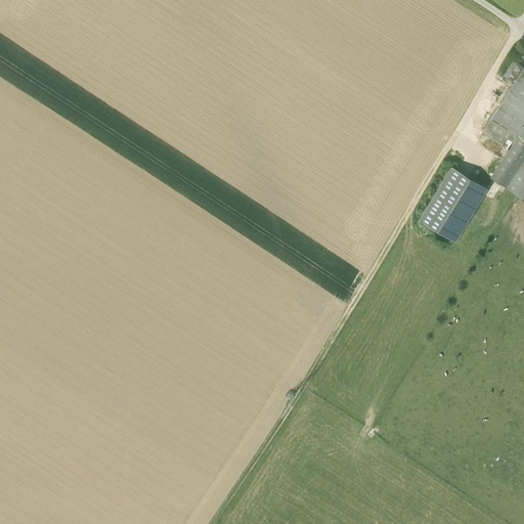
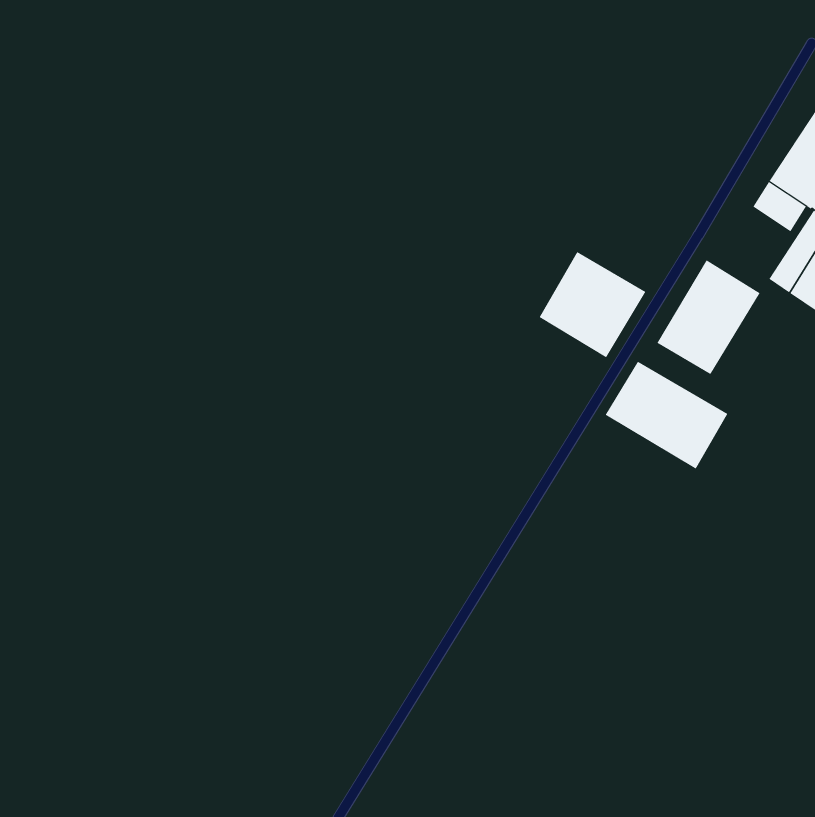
building: none -> [539,251,646,358]
building: none -> [605,361,728,470]

